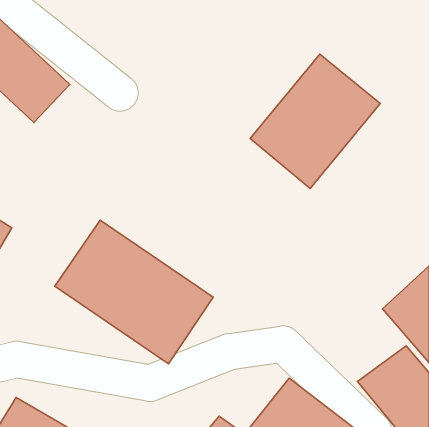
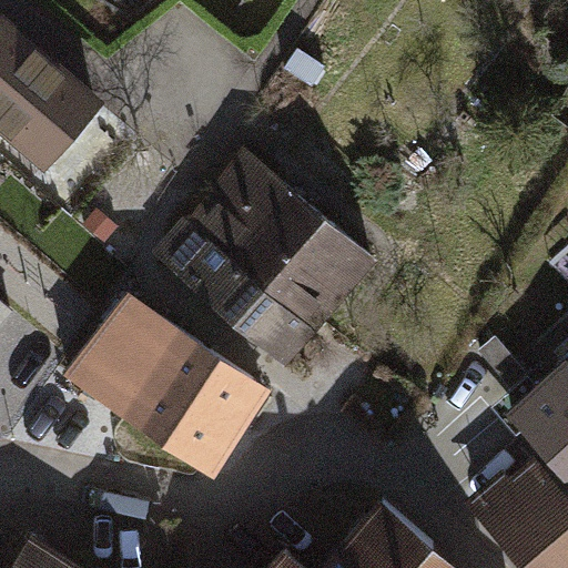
building: [250,54,380,188] -> none
building: none -> [158,159,368,364]

